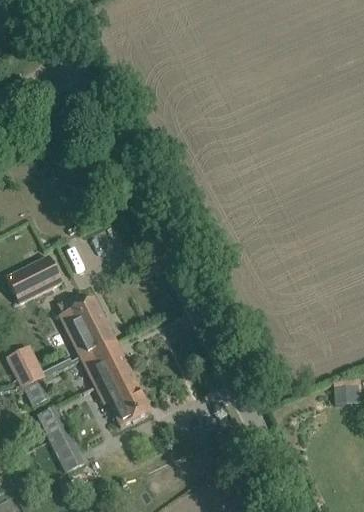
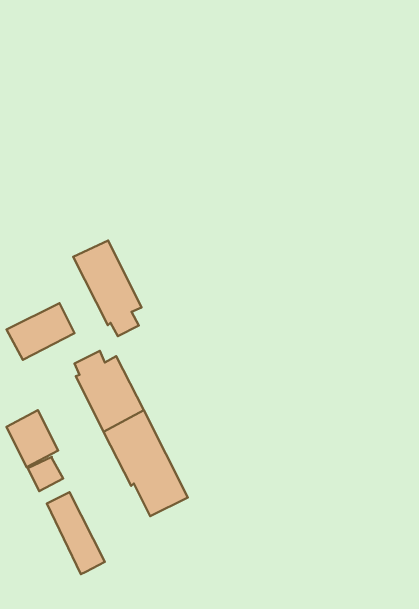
building: none -> [73,241,141,336]

